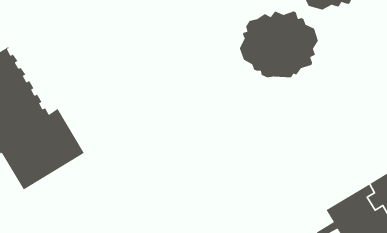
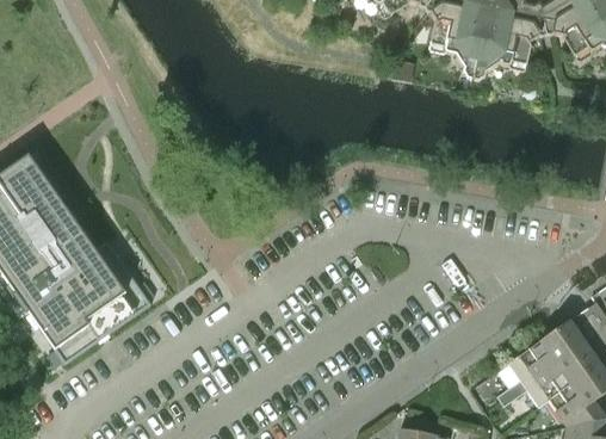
building: [239,11,319,78] -> none

